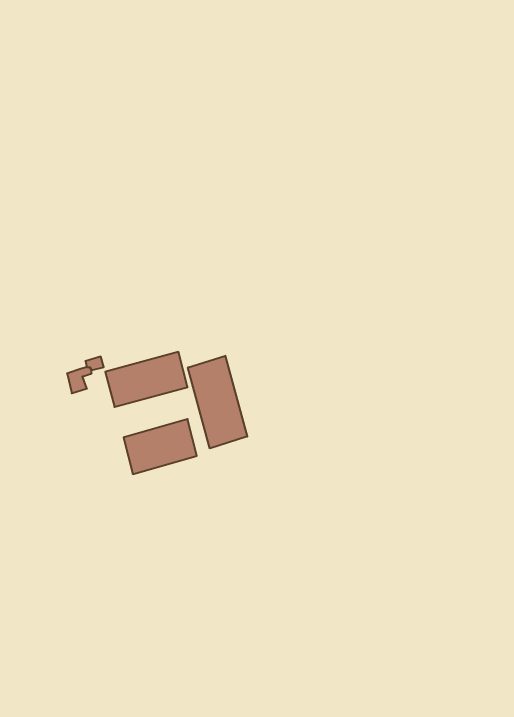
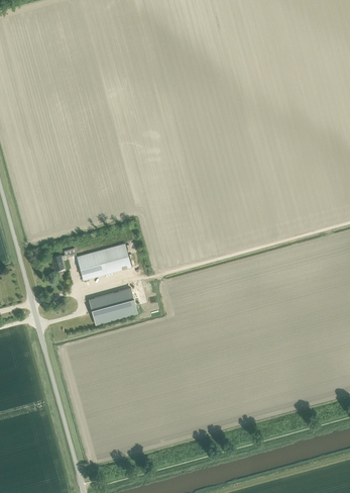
building: [188,356,247,448] -> none

